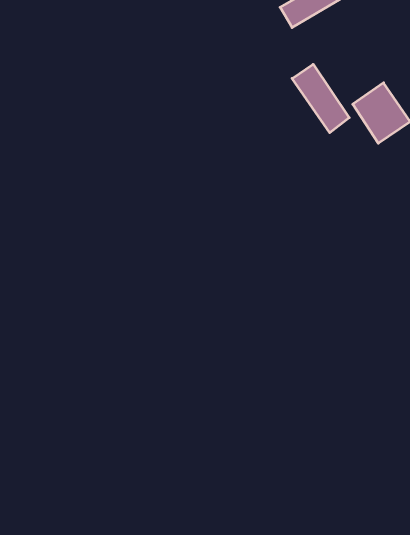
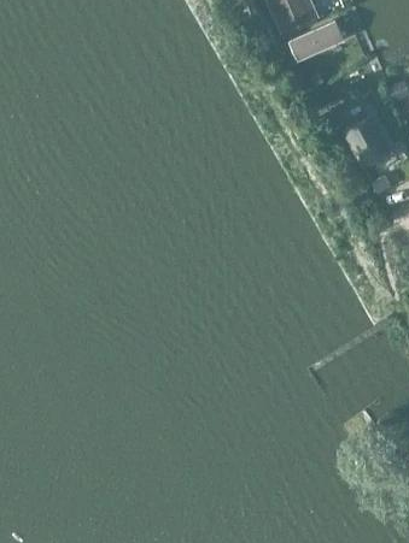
building: [292,64,349,133] -> none

